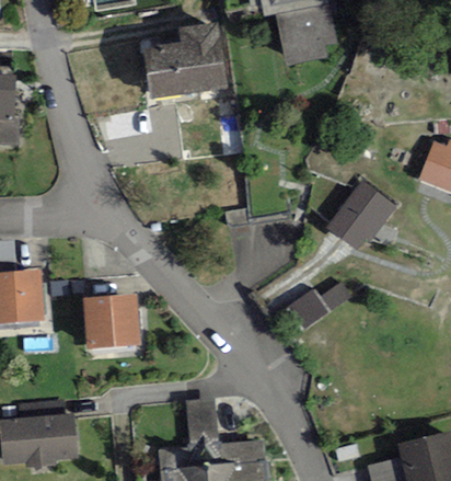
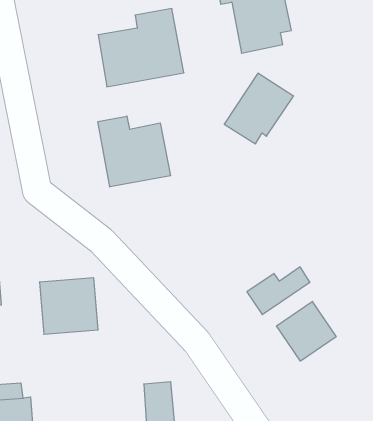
building: none -> [98,116,171,187]
building: [326,181,396,252] -> [224,73,294,144]
building: none -> [277,301,336,361]

